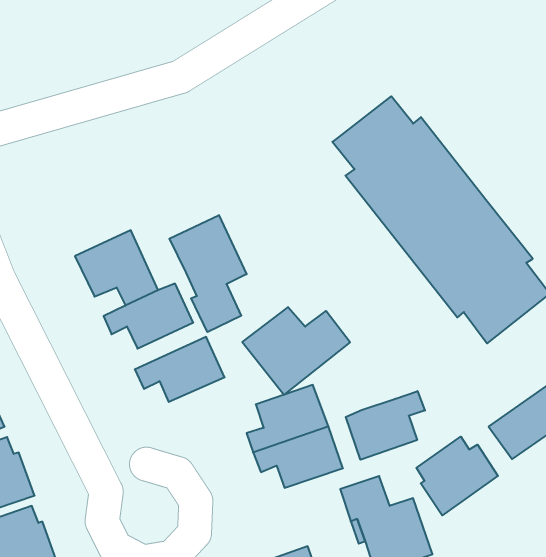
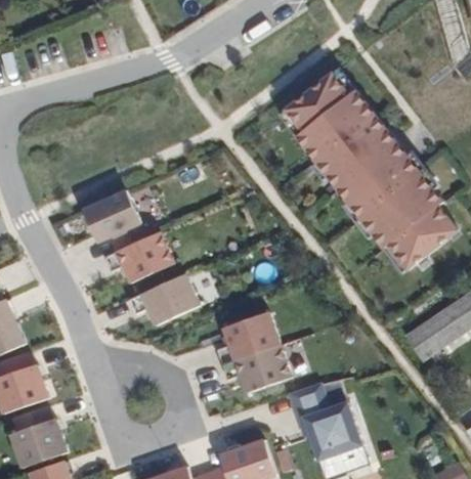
building: [169,215,247,332] -> none
building: [242,307,350,395] -> none
building: [346,391,425,460] -> none
building: [416,437,498,515] -> none

